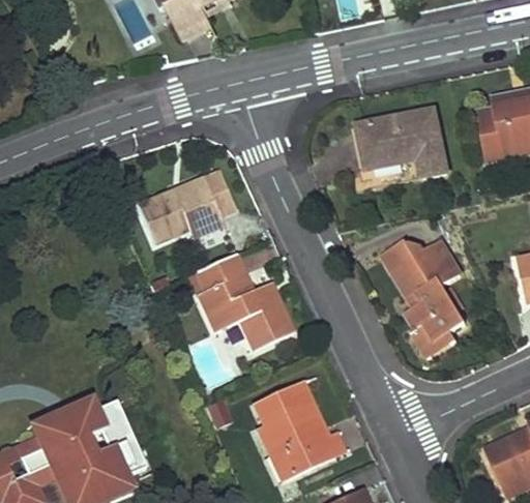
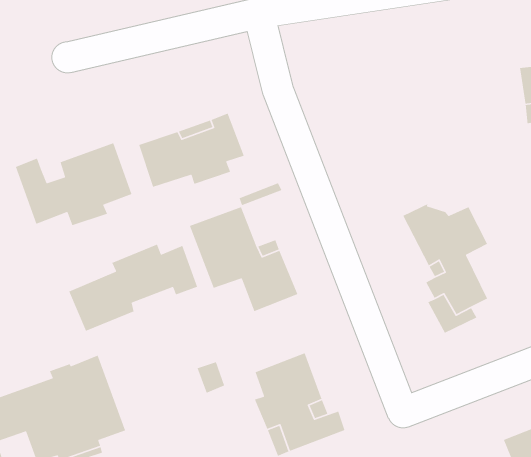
building: [358,111,446,177] -> none
building: none -> [15,142,132,226]
building: none -> [68,244,198,332]

